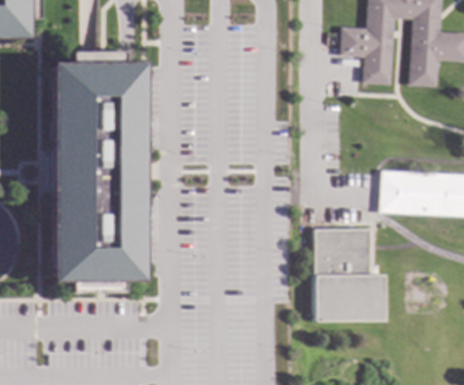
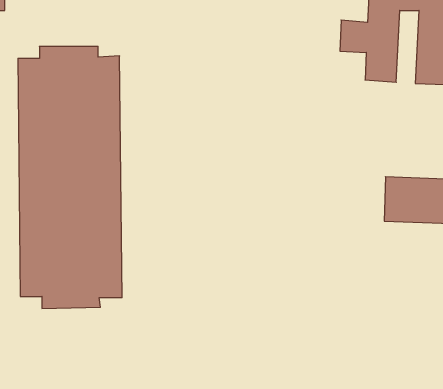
building: [317,229,386,321] -> none

